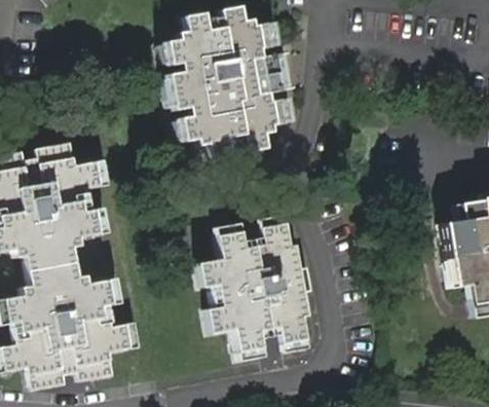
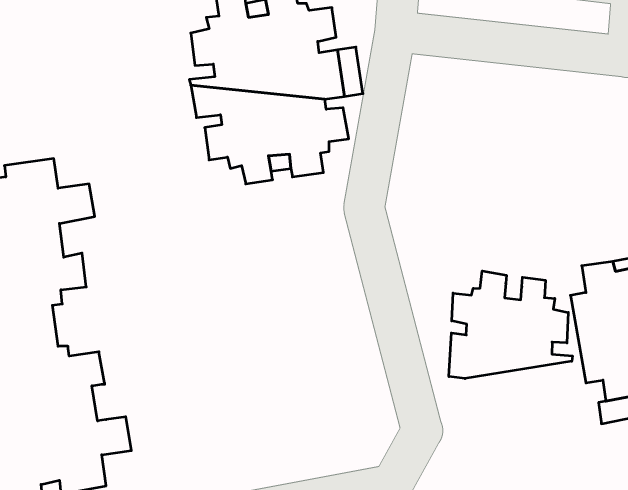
building: none -> [449,271,572,379]
building: [196,227,309,355] -> none

